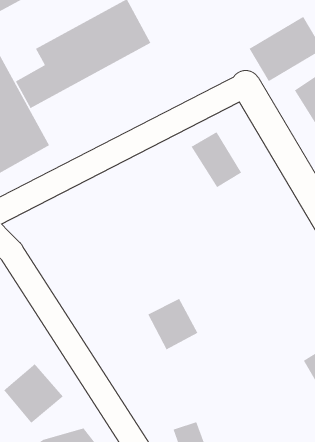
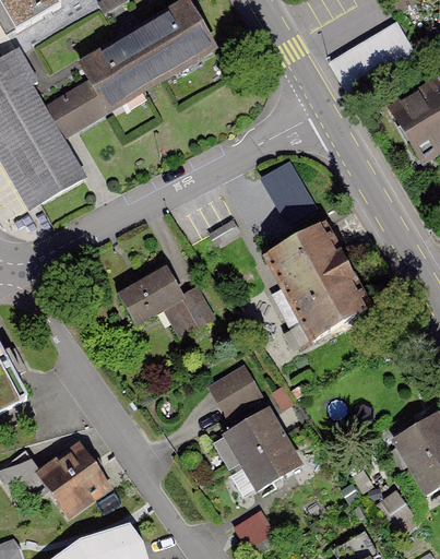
building: none -> [262,225,366,338]
building: none -> [123,269,223,337]
building: none -> [223,407,300,487]

